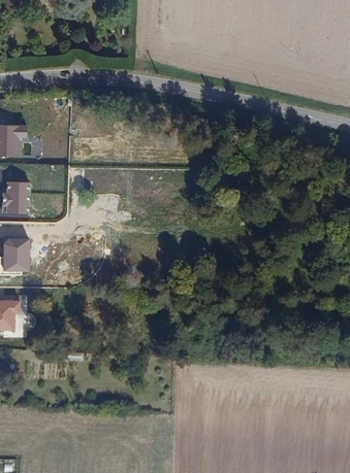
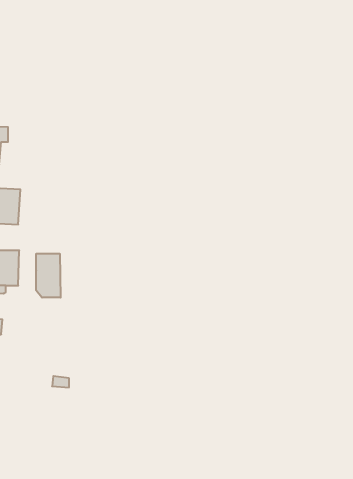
building: none -> [36,254,61,298]

